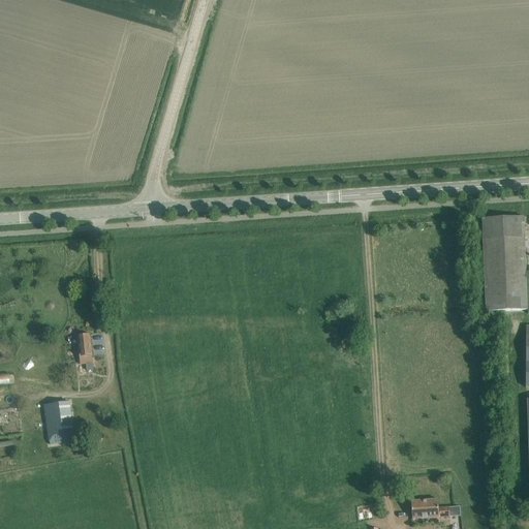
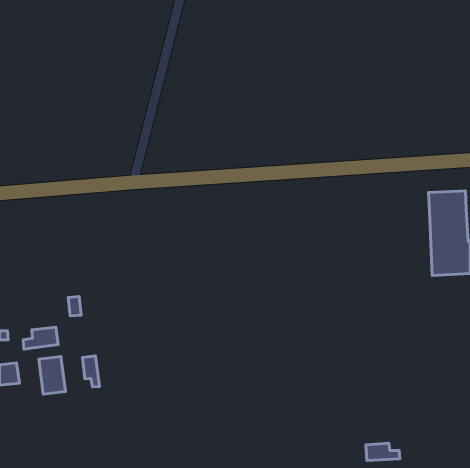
building: none -> [23,327,58,349]
building: none -> [82,356,100,387]

